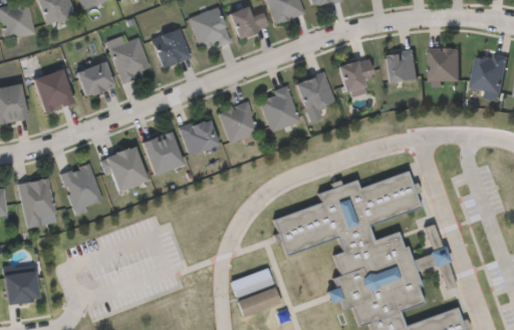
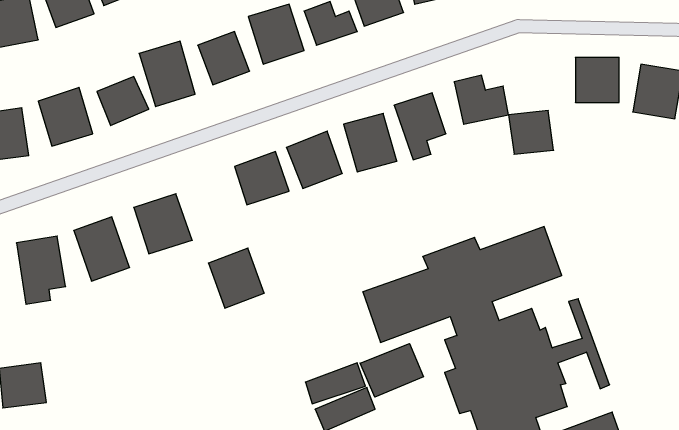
building: [386,49,419,81] -> [509,111,554,154]
building: [143,130,184,175] -> [208,248,264,308]
building: none -> [360,344,423,397]

